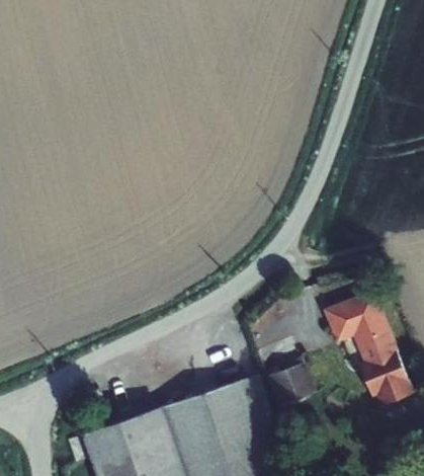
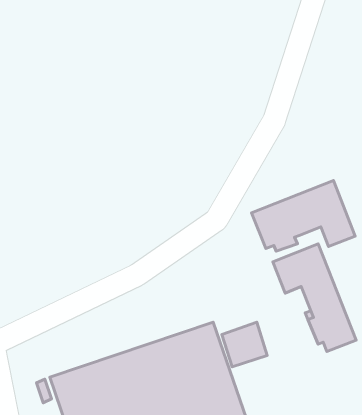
building: none -> [252,181,355,251]

